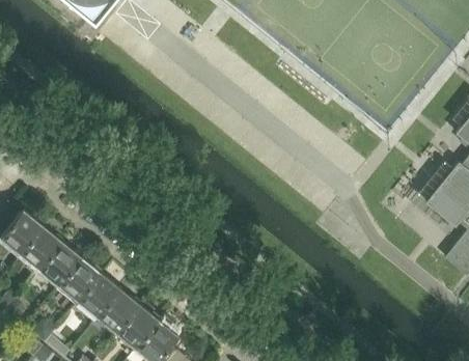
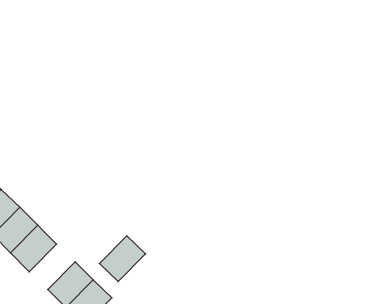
building: [87,281,131,326] -> [99,236,146,281]

